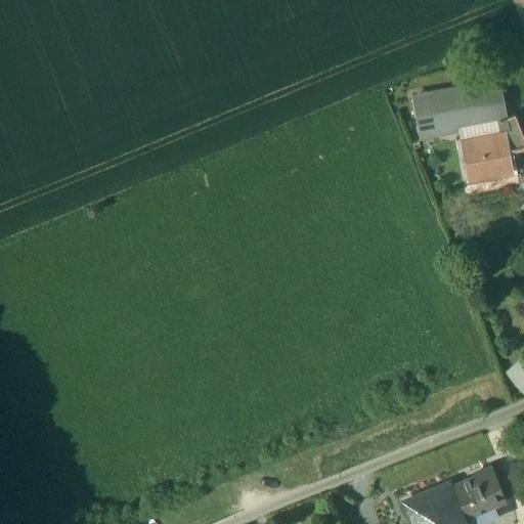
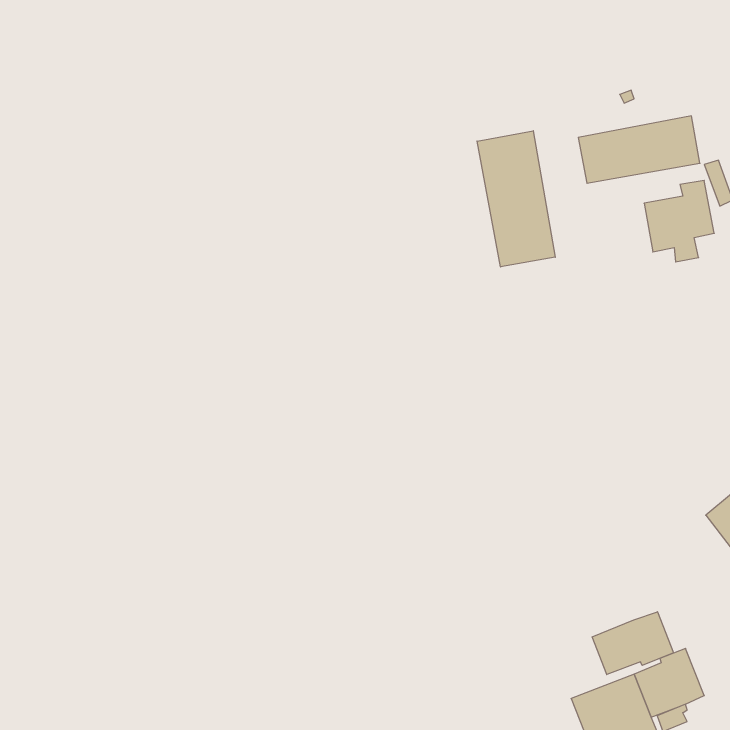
building: none -> [477,131,555,267]
building: none -> [592,612,674,675]

